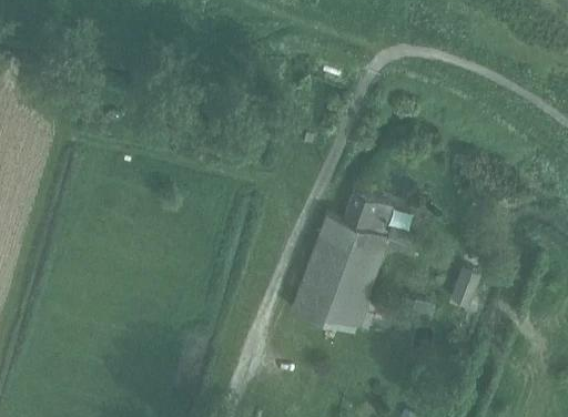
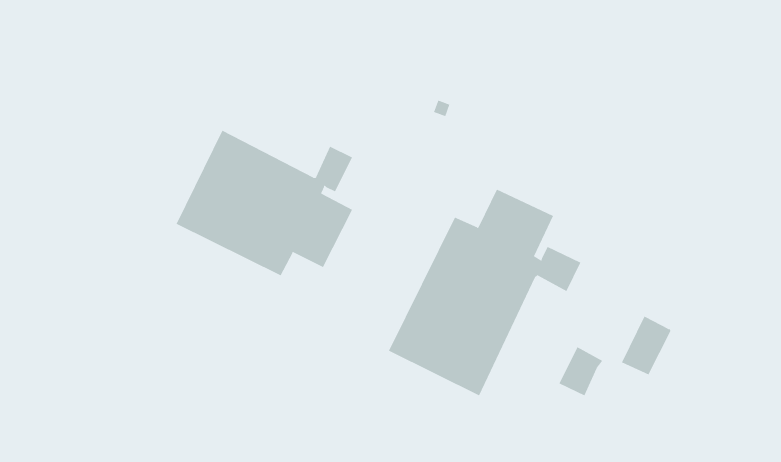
building: none -> [176,130,353,276]

